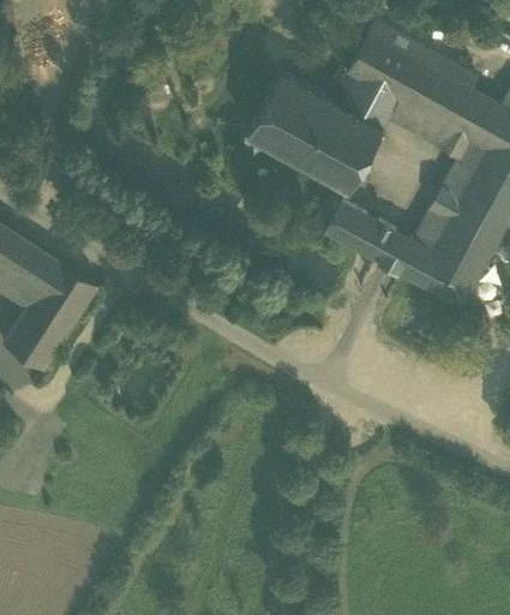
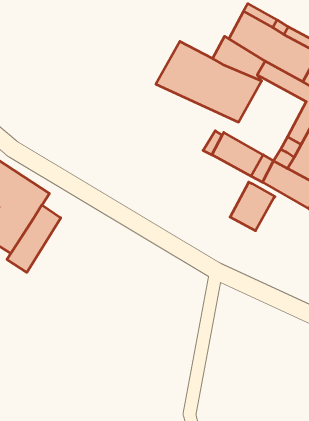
building: none -> [230,182,275,231]
building: none -> [7,205,61,272]

